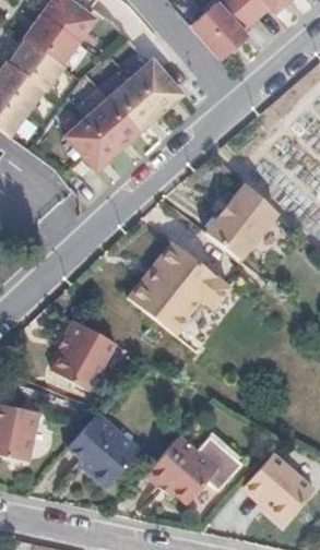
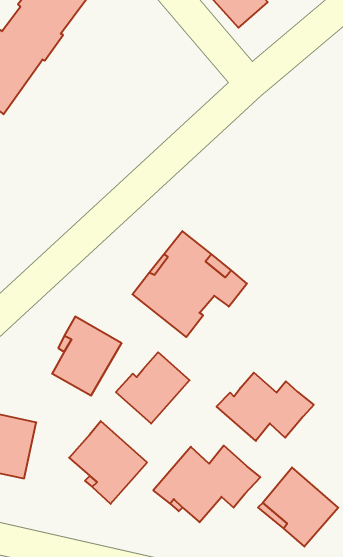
building: [68,59,182,168] -> none
building: [204,182,278,261] -> none
building: none -> [116,352,190,424]
building: none -> [217,373,314,441]

